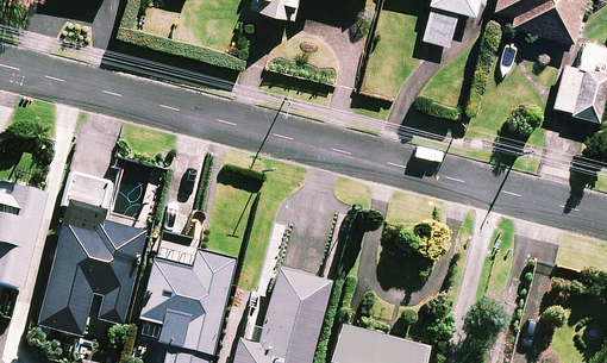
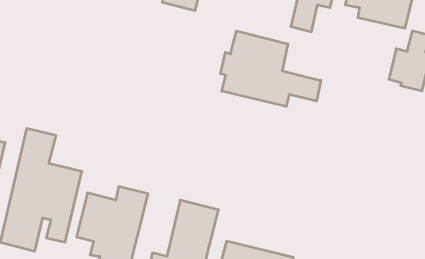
building: none -> [221,31,321,107]

